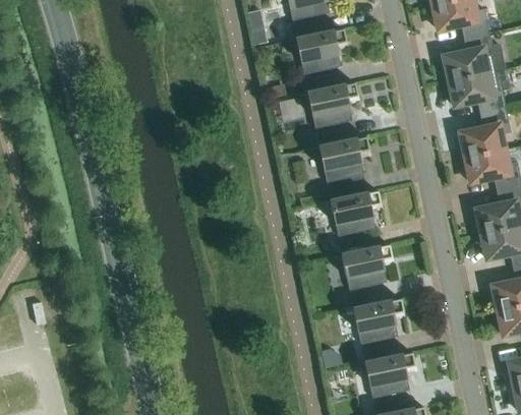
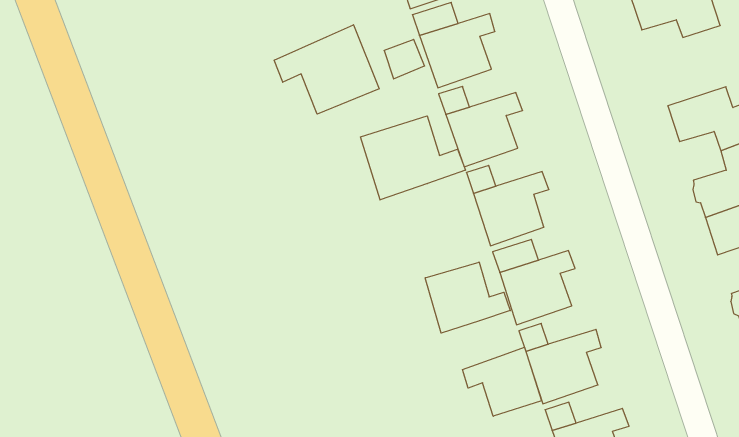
building: none -> [274,25,379,114]
building: [459,108,511,157] -> none
building: none -> [361,116,465,200]
building: none -> [425,262,510,333]
building: none -> [463,347,541,416]

